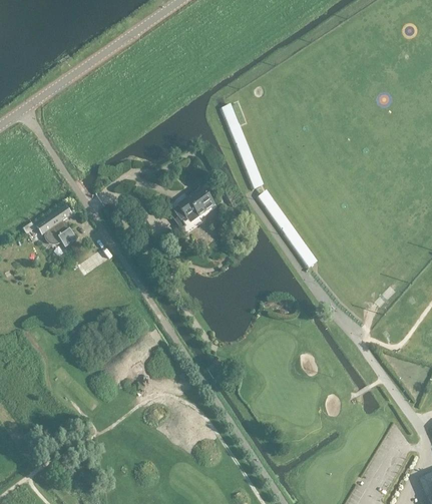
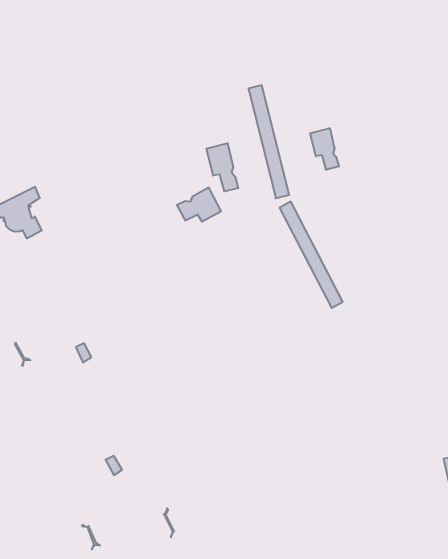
building: none -> [310,128,339,170]
building: none -> [206,143,238,191]

